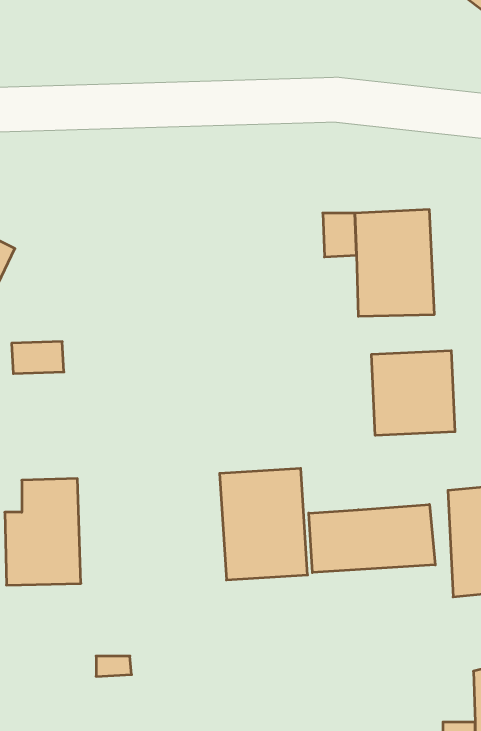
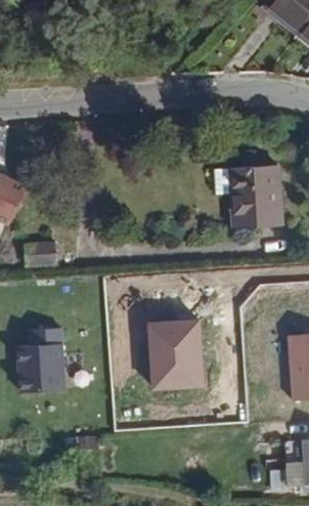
building: [372,351,455,435] -> none
building: [309,504,435,573] -> none

